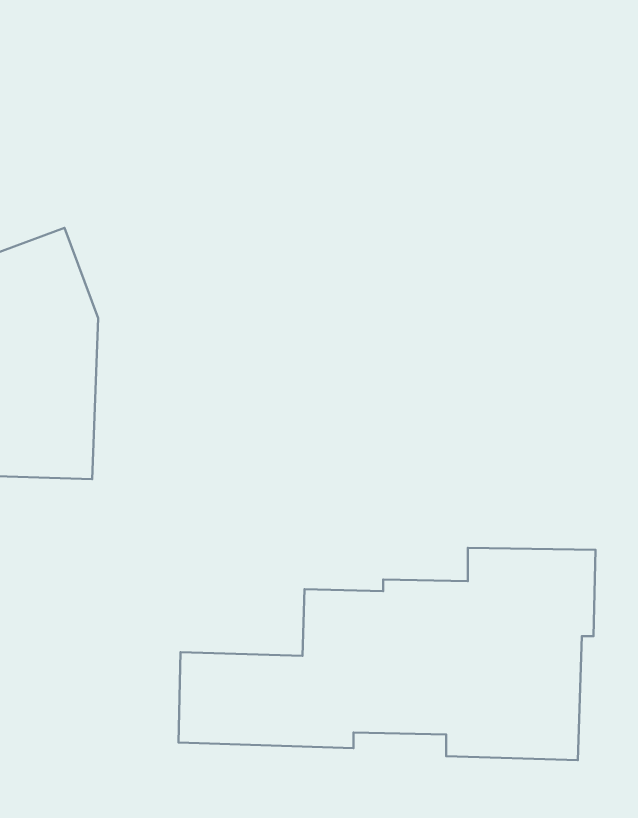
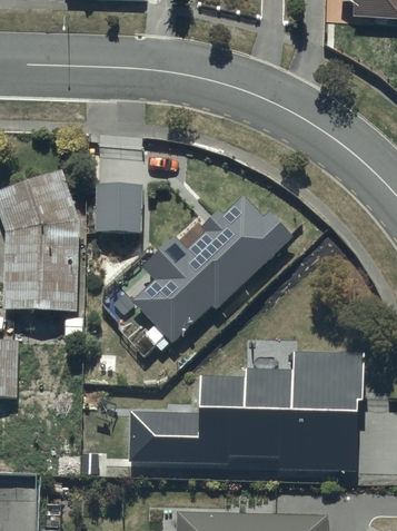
building: none -> [93,183,141,232]
building: none -> [131,194,291,343]

